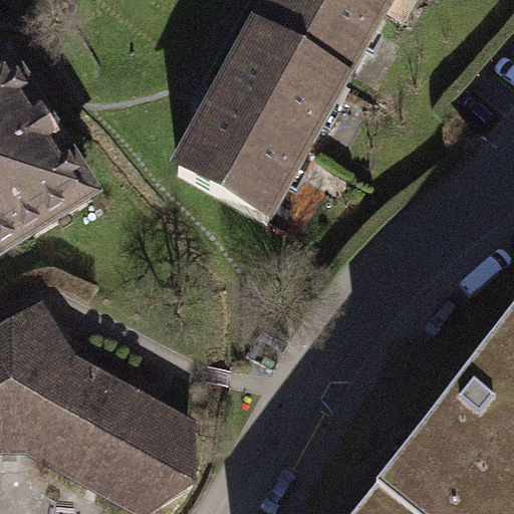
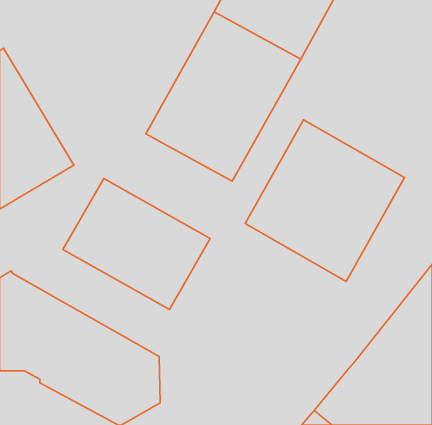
building: none -> [245,120,404,281]
building: none -> [63,179,210,309]

